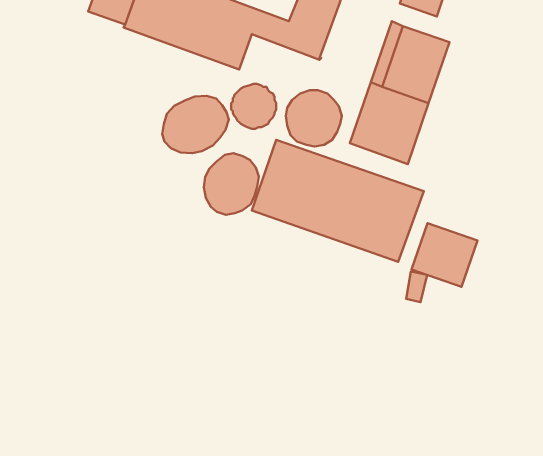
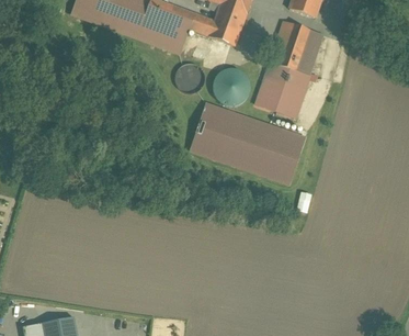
building: [162,96,229,153] -> none
building: [204,153,259,215] -> none
building: [411,223,477,287] -> none

